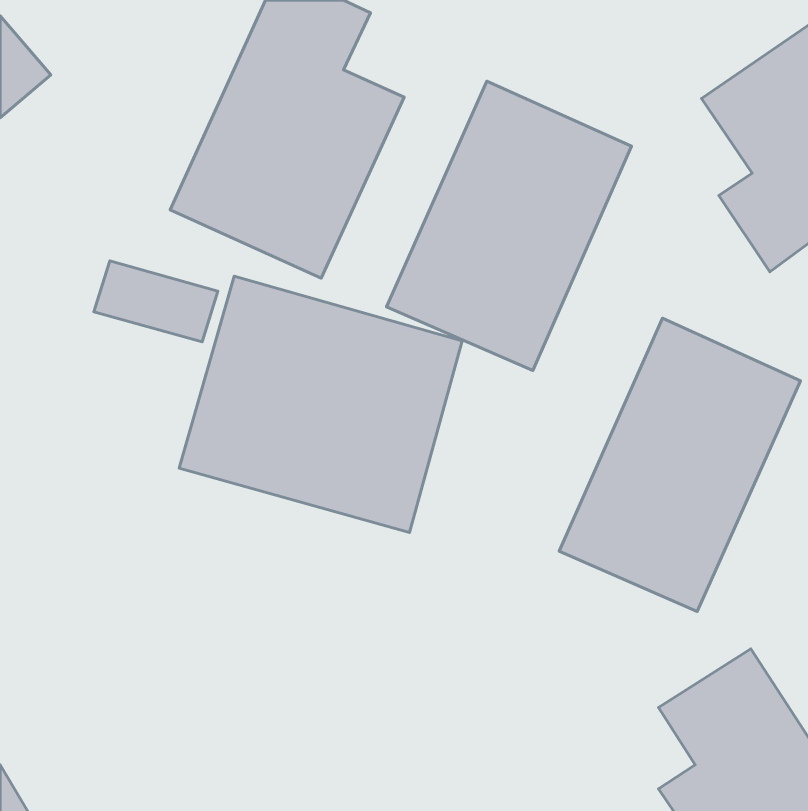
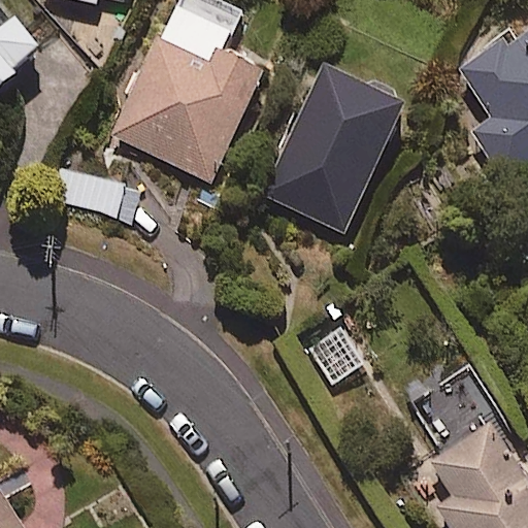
building: [179,276,462,533] -> none
building: [559,318,801,611] -> none

